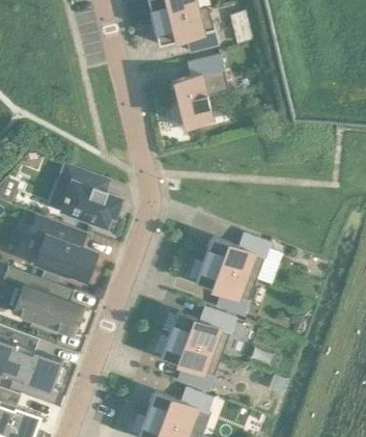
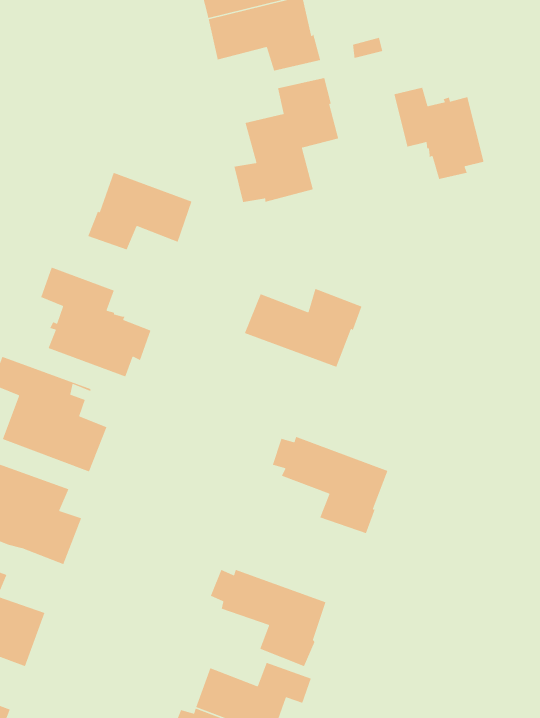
building: none -> [393,87,484,180]
building: none -> [87,172,192,250]
building: [202,235,270,280] -> [244,288,362,368]
building: [162,309,234,355] -> none

